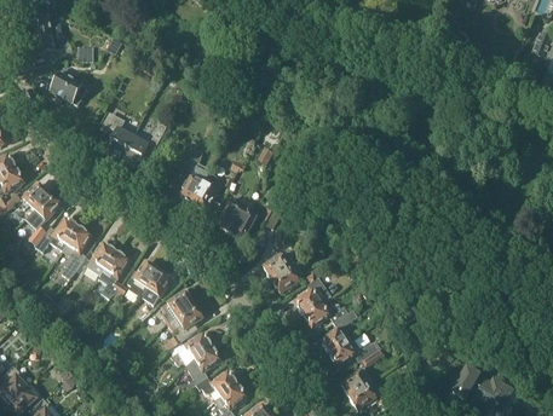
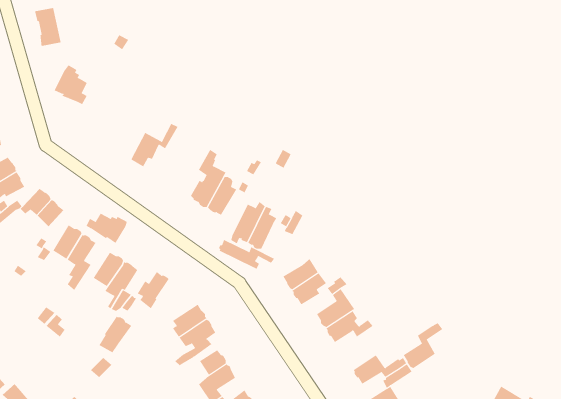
building: [109,114,136,156] -> none
building: none -> [86,213,128,244]
building: none -> [219,239,275,270]
building: [142,267,173,302] -> [98,315,132,353]
building: [321,308,358,352] -> [403,323,443,369]

